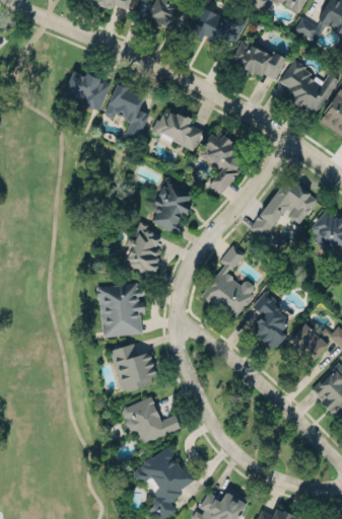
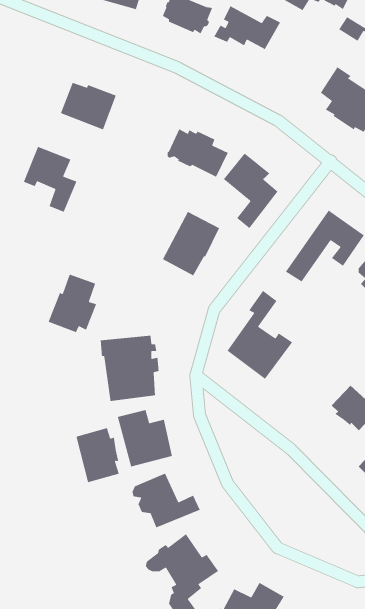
building: [232,40,288,80] -> none
building: [105,84,150,140] -> [23,146,78,213]
building: [122,224,163,274] -> [47,274,97,333]
building: [253,291,288,350] -> none
building: none -> [75,427,120,483]

